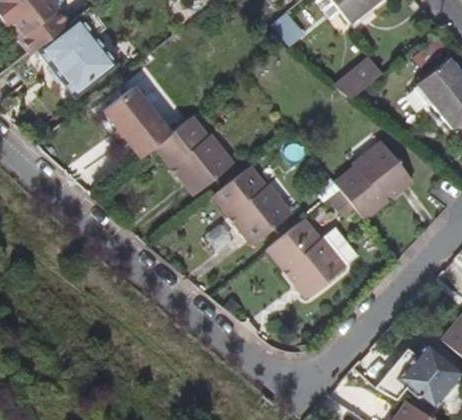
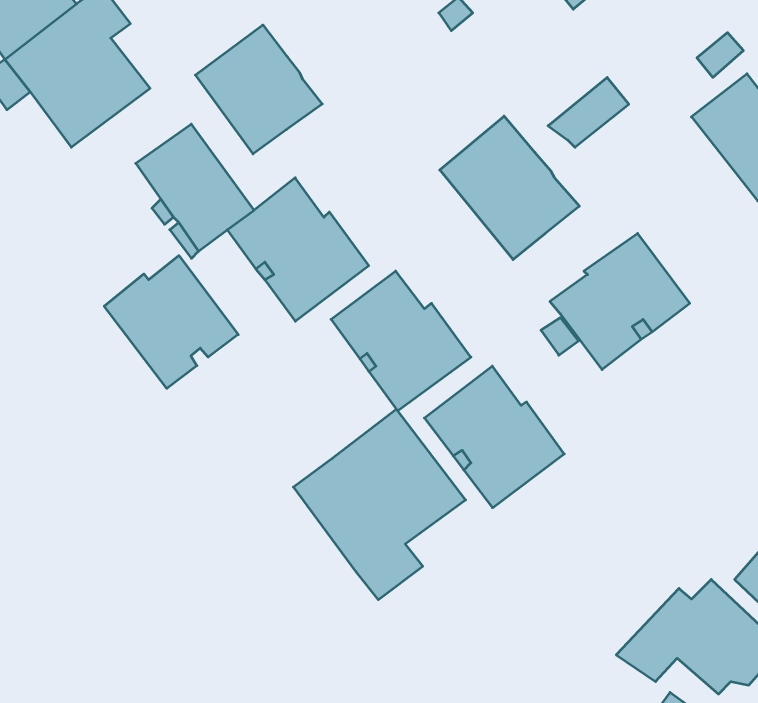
building: none -> [195,25,322,154]
building: none -> [440,116,579,260]
building: none -> [104,256,238,388]
building: none -> [293,409,466,600]

